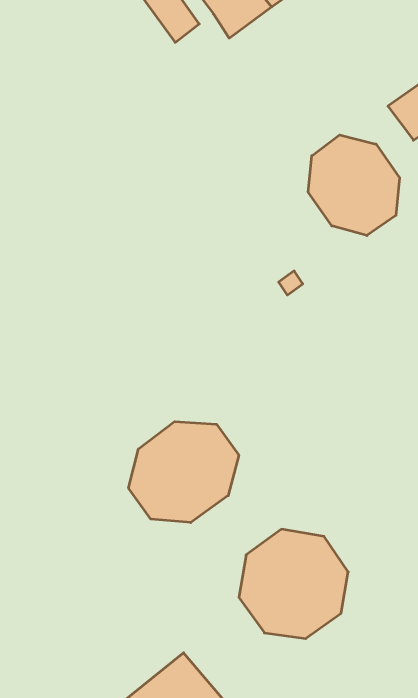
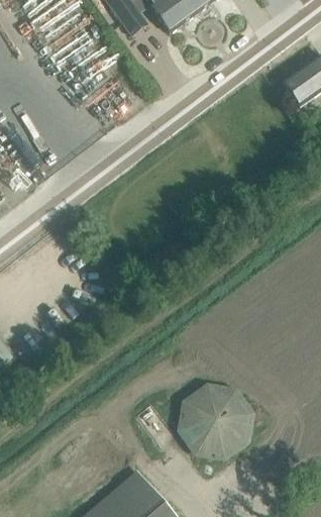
building: [308,135,400,236] -> none
building: [129,422,239,523] -> none

